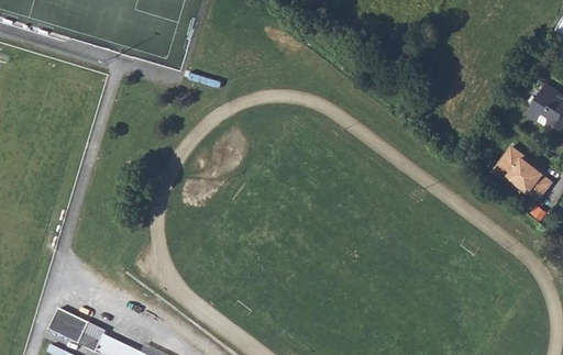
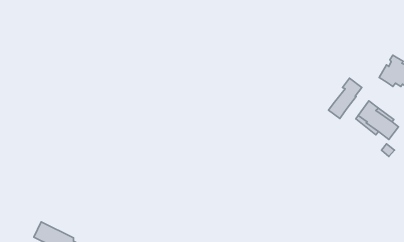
building: none -> [328,78,362,118]

